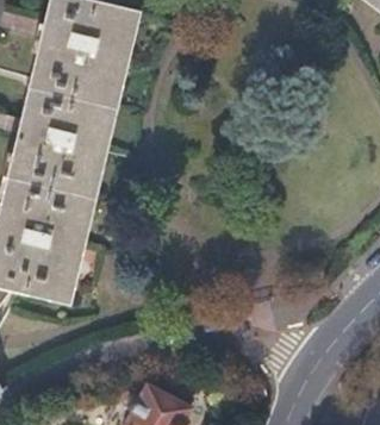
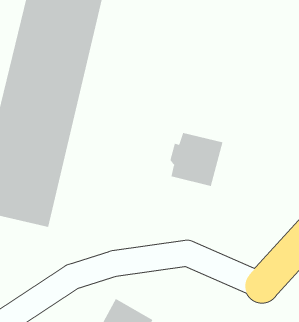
building: none -> [170,132,223,187]

